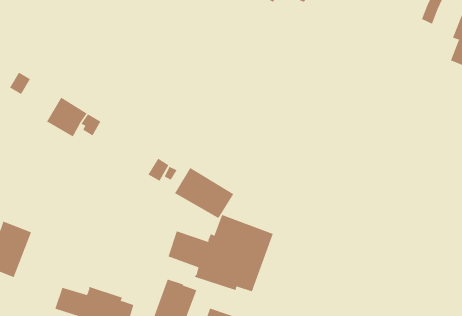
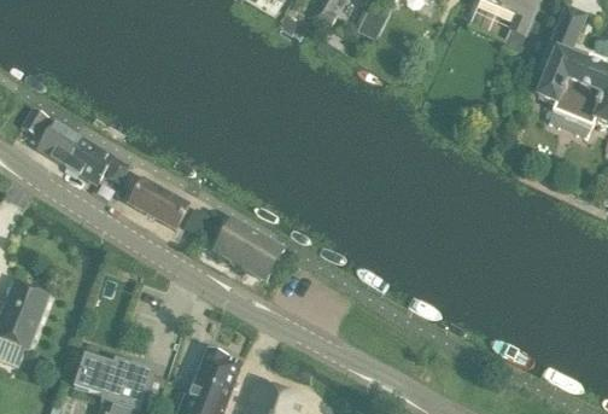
building: none -> [37,119,82,165]
building: none -> [129,179,188,228]
building: [168,214,274,292] -> none

